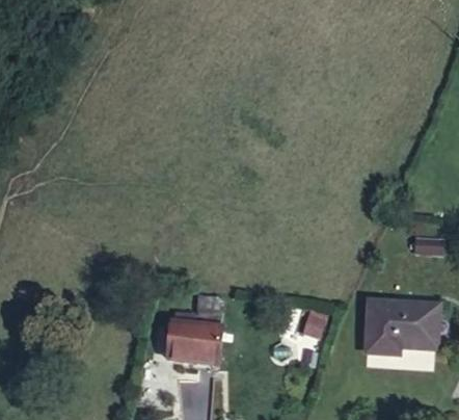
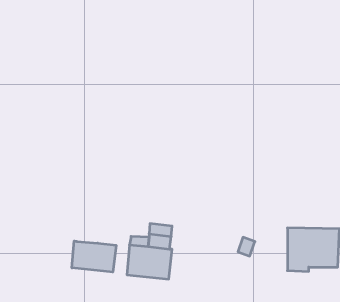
building: none -> [72,241,116,272]

